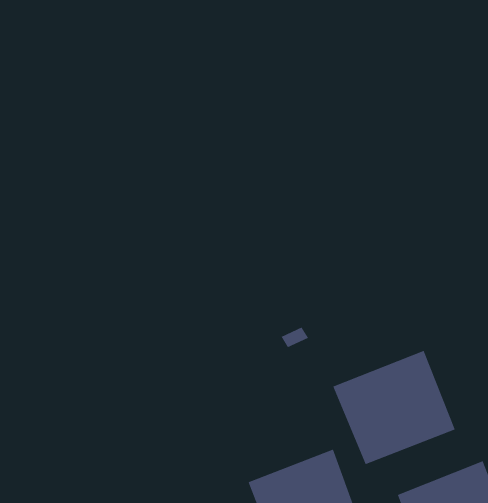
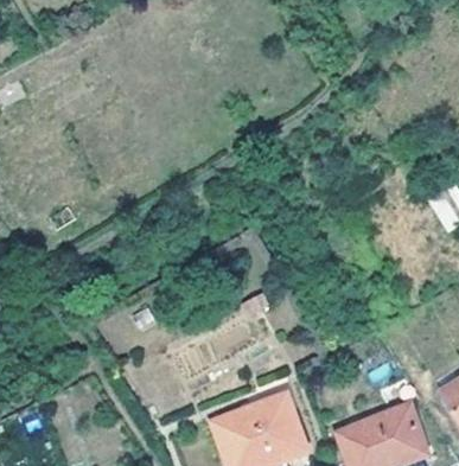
building: [332,350,456,465] -> none

